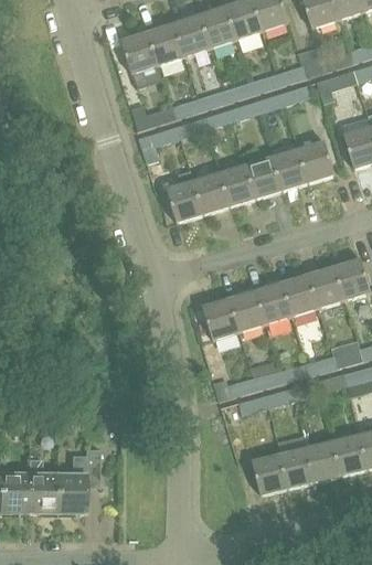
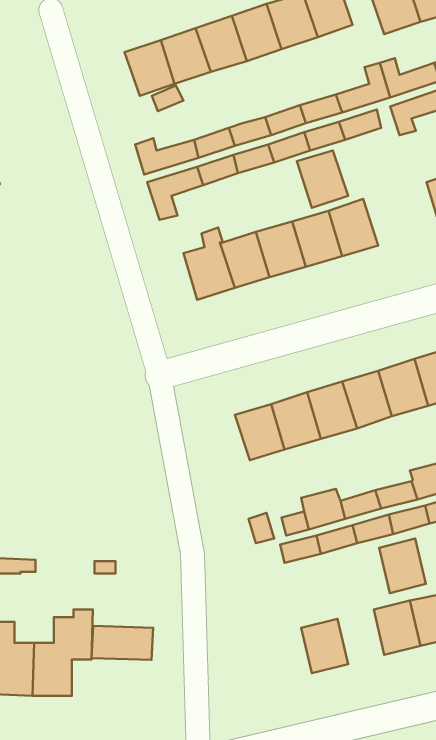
building: [297,141,334,183] -> [297,151,348,208]
building: [278,449,312,489] -> [379,539,426,593]
building: none -> [91,626,153,660]

